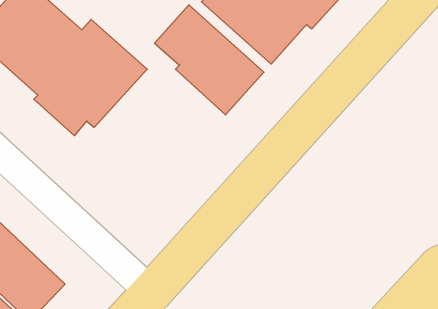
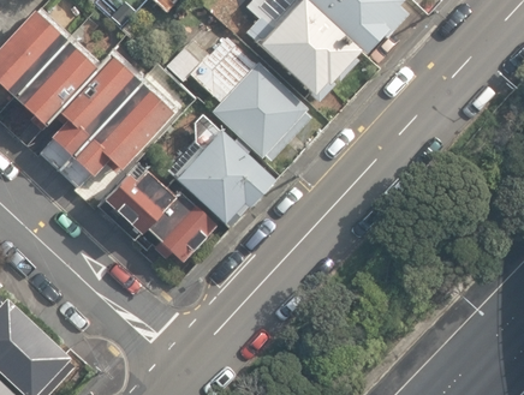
building: none -> [91,122,279,267]

